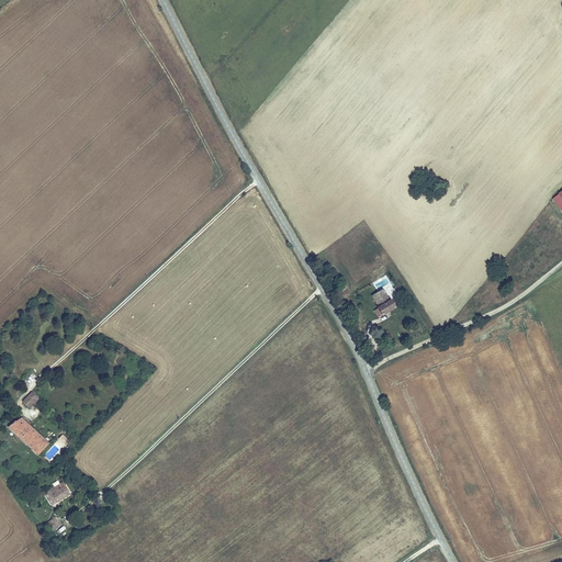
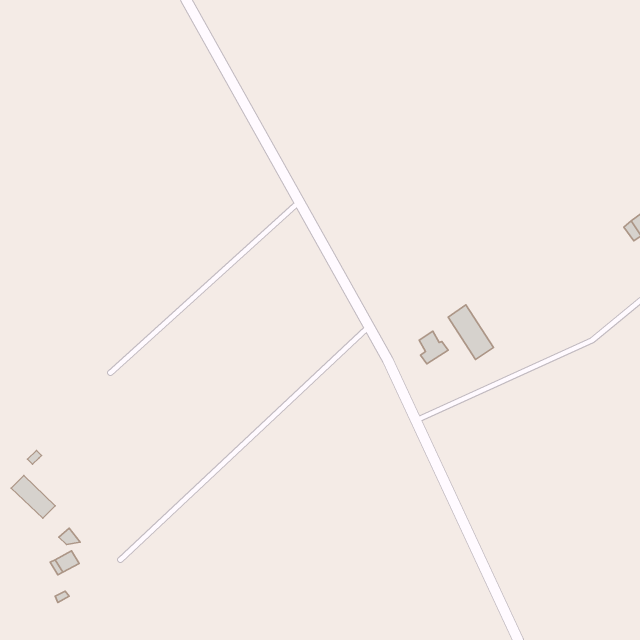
building: none -> [448,305,494,360]

